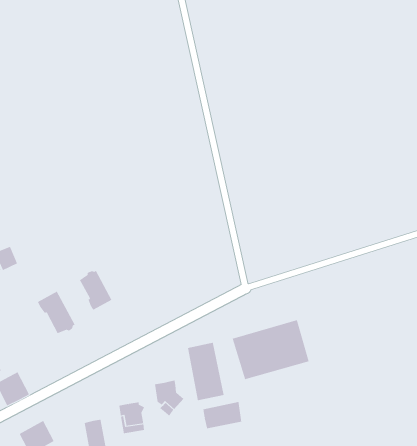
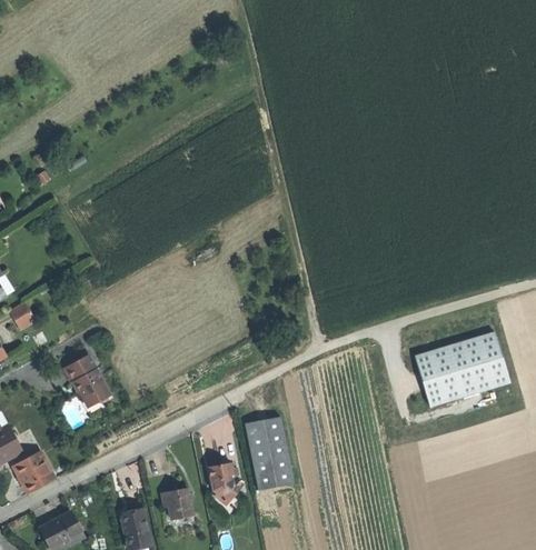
building: [79,270,112,311] -> none
building: [232,319,310,380] -> [416,331,510,404]
building: [203,401,242,429] -> none

